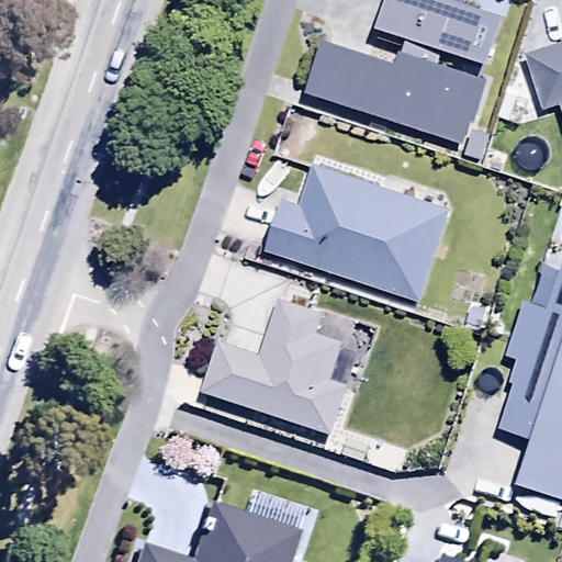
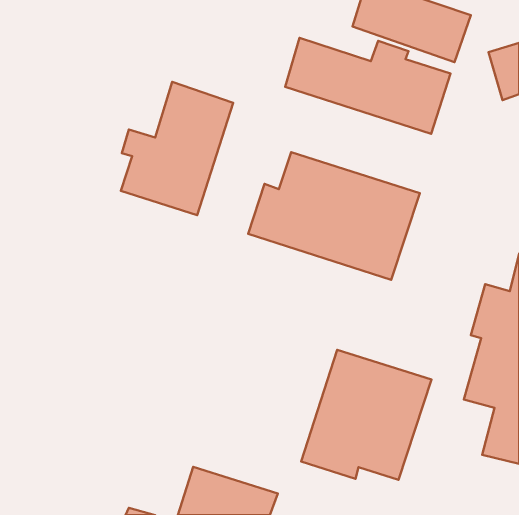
building: none -> [121,82,233,215]
building: [201,301,348,436] -> none
building: none -> [301,350,431,480]

